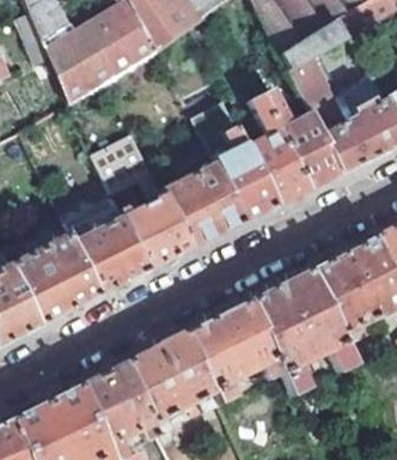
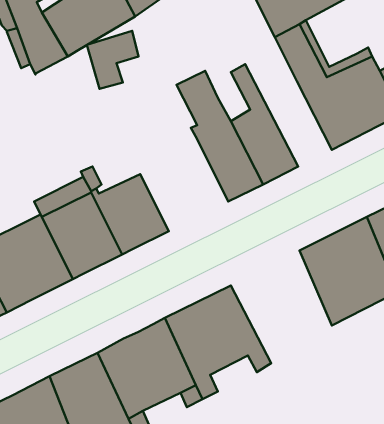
building: [259,89,340,189] -> none
building: [93,135,141,189] -> [87,31,139,89]
building: [159,164,244,249] -> none
building: [246,267,354,395] -> none

